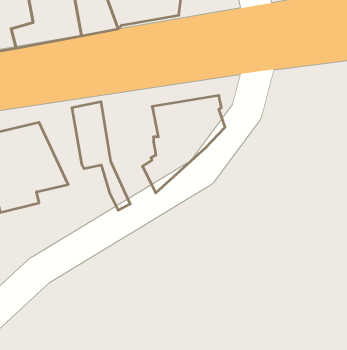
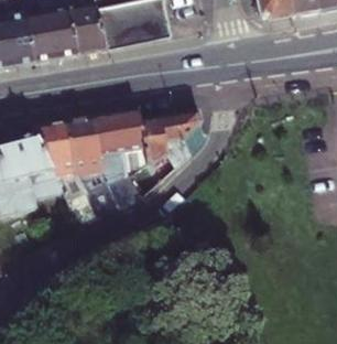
building: none -> [94,106,145,206]
building: none -> [34,119,99,224]

